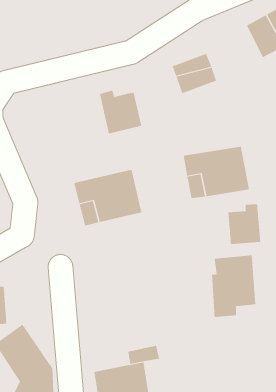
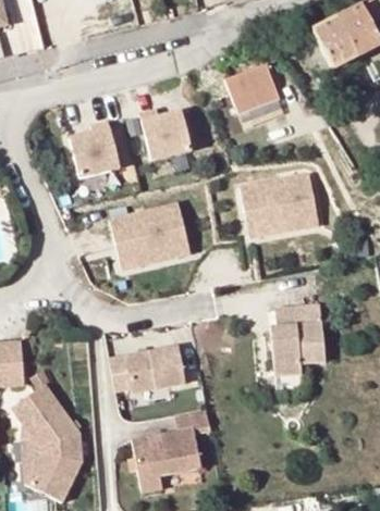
building: none -> [68,120,118,176]
building: [228,204,261,245] -> none
building: none -> [111,347,184,394]

